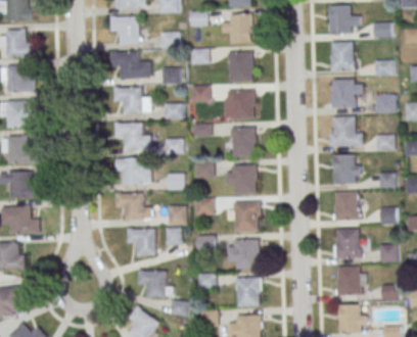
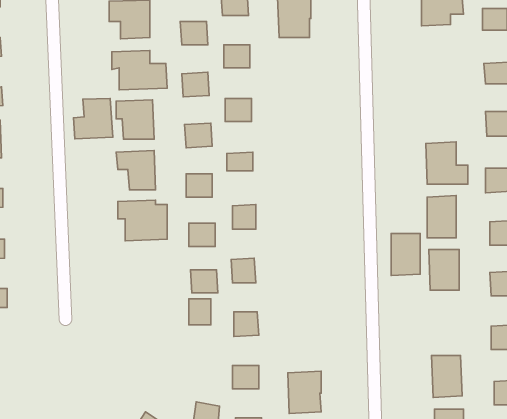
building: [331,41,353,70] -> none
building: [230,51,253,81] -> none
building: [332,78,363,107] -> none
building: none -> [73,98,113,139]
building: [224,89,254,118] -> none
building: [232,127,256,156] -> none
building: [233,163,257,193] -> none
building: [115,192,144,220] -> none
building: [234,201,258,231] -> none
building: [128,228,155,255] -> none
building: [337,228,358,257] -> [391,234,420,276]
building: [235,239,259,269] -> none
building: [139,271,167,298] -> none

